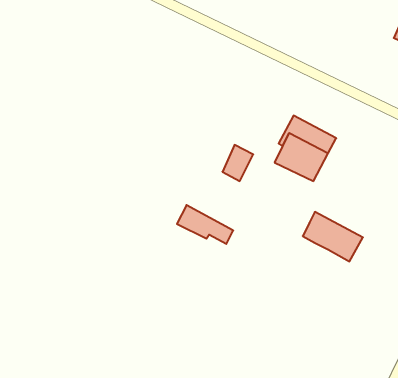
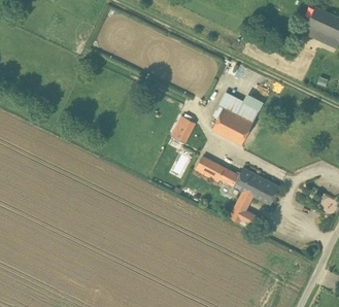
building: [177,205,233,244] -> [196,156,239,185]
building: none -> [230,191,259,226]

